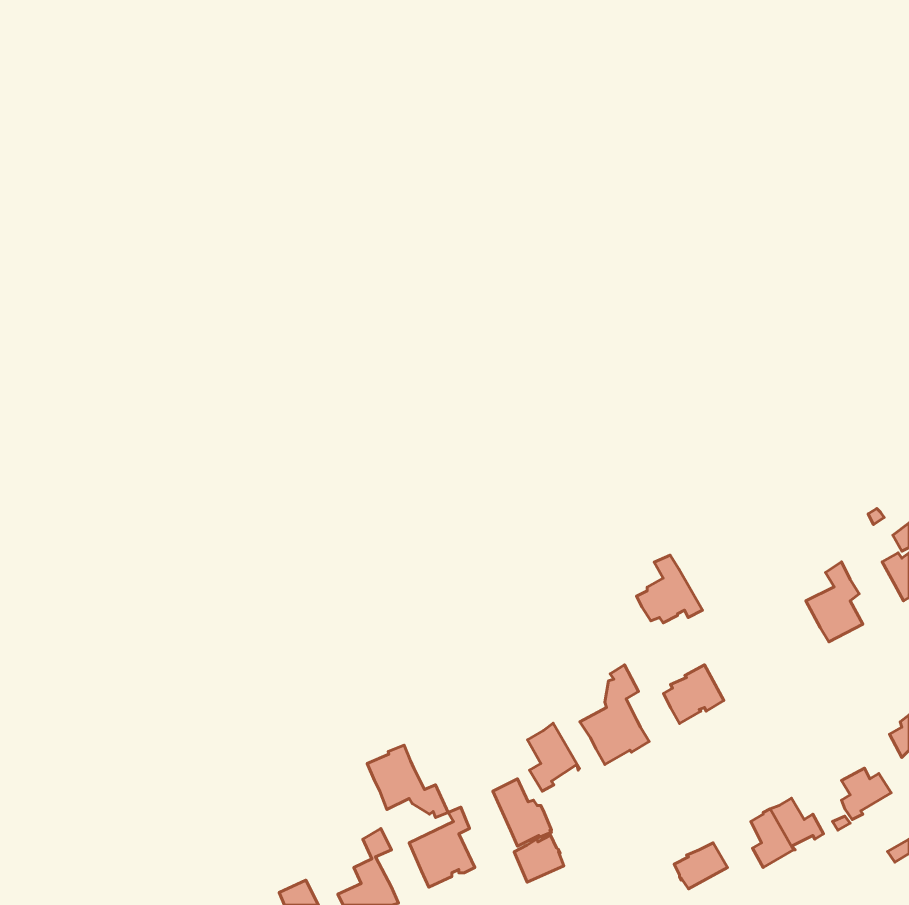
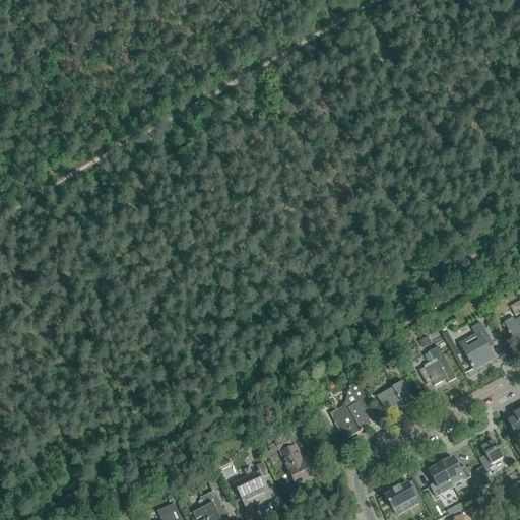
building: [637,555,702,623] -> [418,345,456,384]
building: [528,723,579,791] -> none
building: [367,745,448,818] -> none
building: [514,835,564,882] -> none

